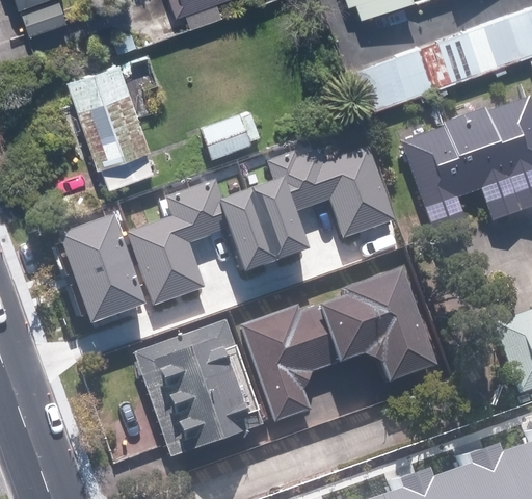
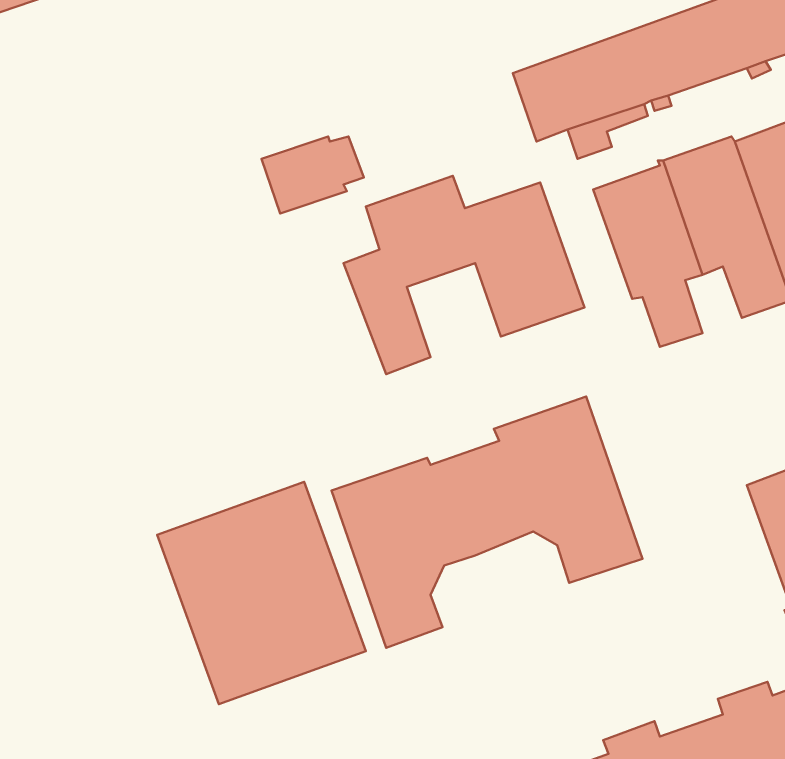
building: [65,62,154,190] -> none
building: [129,170,275,304] -> none
building: [62,213,147,318] -> none

